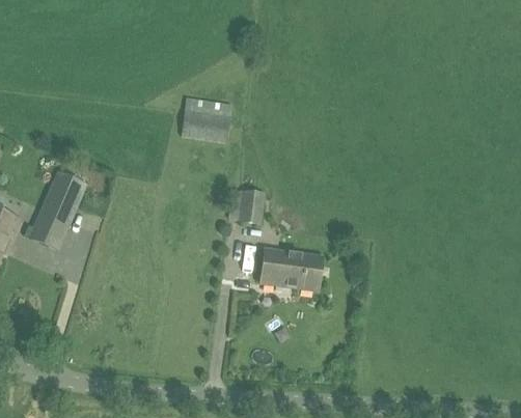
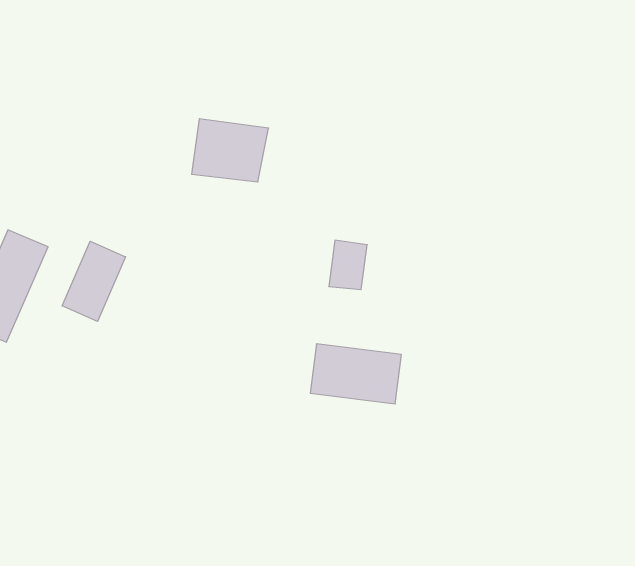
building: none -> [62,241,126,321]
building: [238,190,264,223] -> [329,240,367,290]

